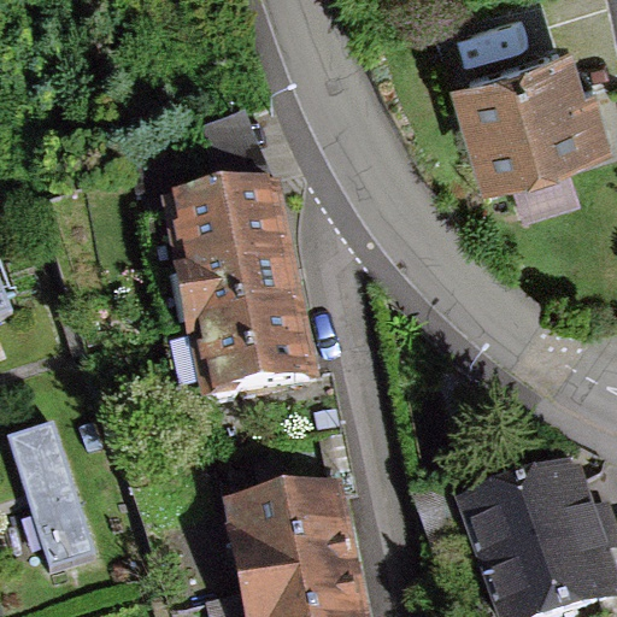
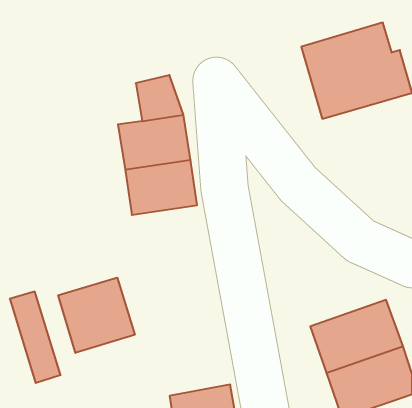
building: [196,313,305,396] -> none
building: none -> [58,278,135,353]
building: [239,501,343,598] -> none

